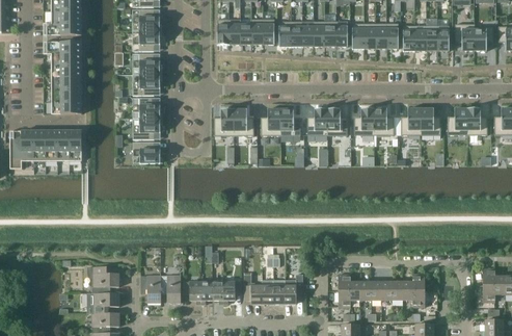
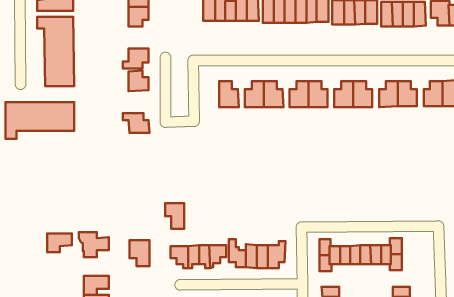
building: [139,54,160,75] -> none
building: [214,109,234,136] -> none
building: [133,119,160,140] -> none
building: [161,276,181,303] -> [165,203,184,229]
building: [92,293,118,313] -> [47,233,72,252]

